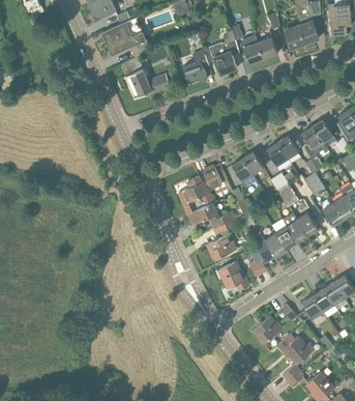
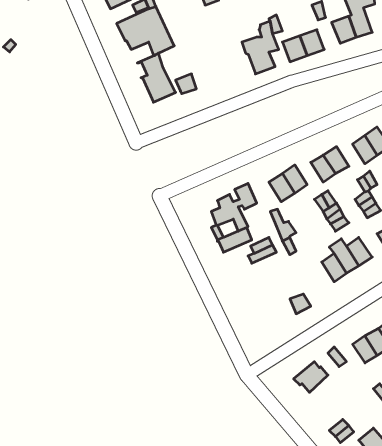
building: [182,51,208,85] -> none
building: [253,233,286,261] -> none
building: [206,235,235,259] -> none
building: [218,262,247,290] -> none
building: [277,334,314,365] -> none

